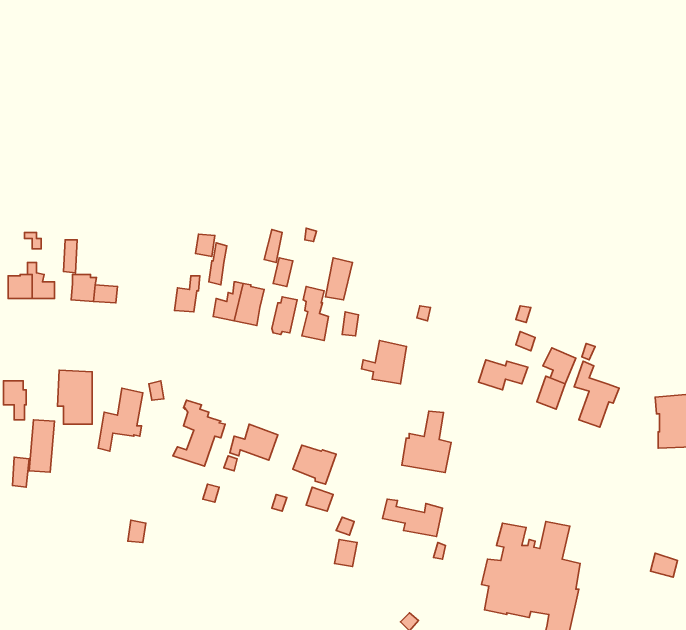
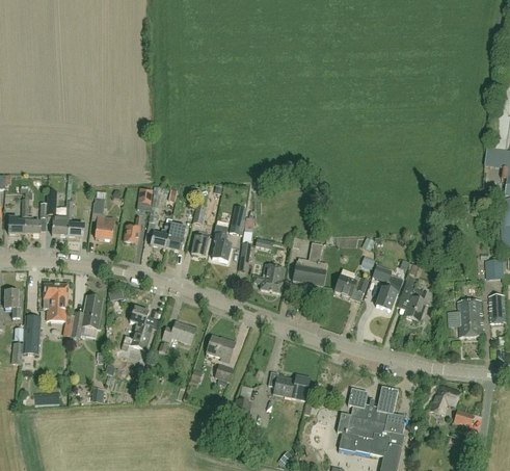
building: none -> [92,190,114,239]
building: [402,411,451,473] -> [293,243,327,286]
building: none -> [430,385,460,415]

